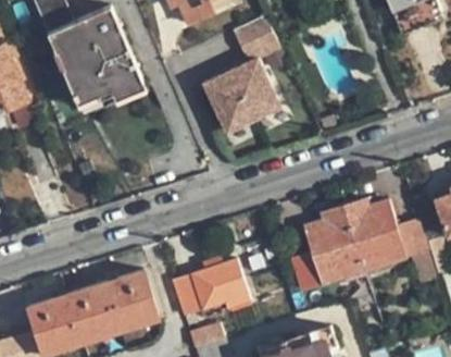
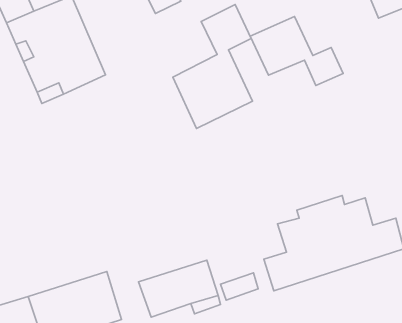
building: none -> [250,16,343,86]

